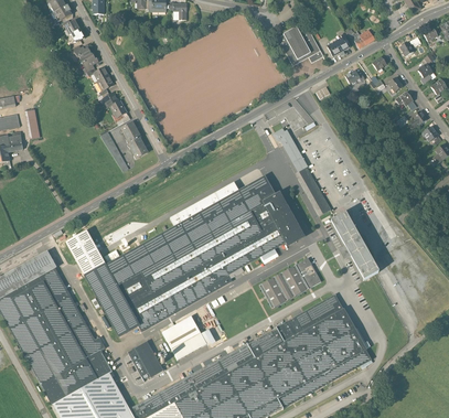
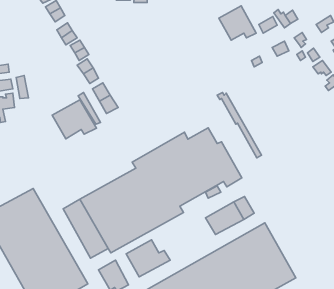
building: none -> [52,100,96,139]
building: [331,213,378,280] -> none
building: [64,231,104,276] -> none

